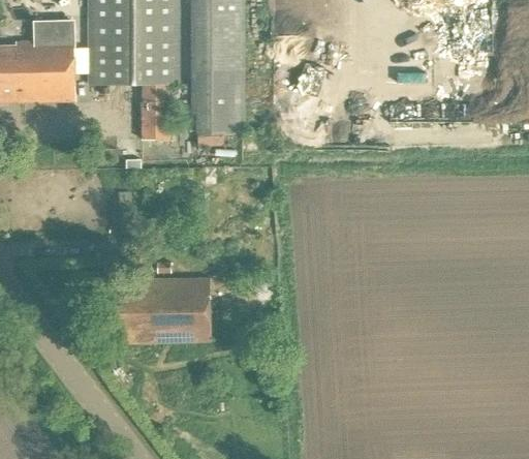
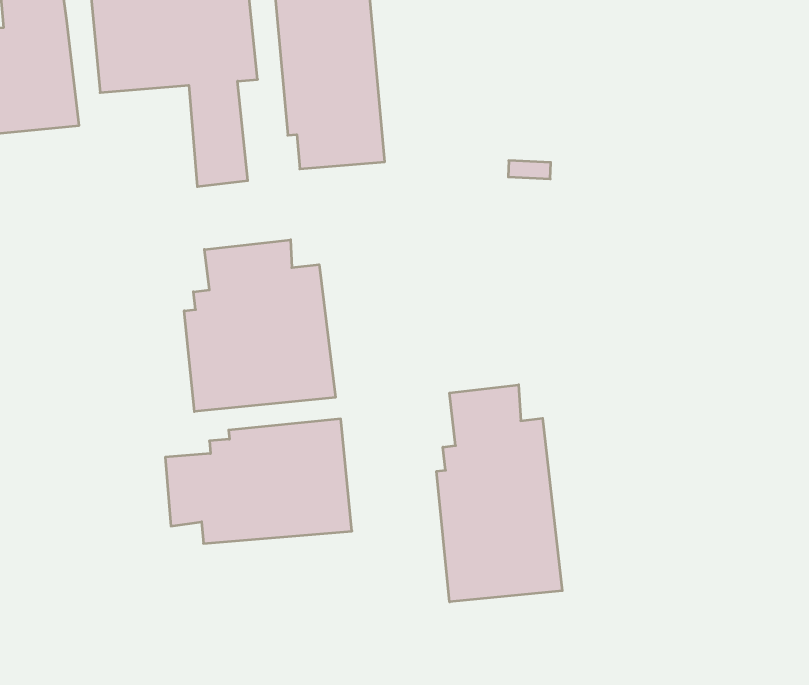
building: none -> [184,240,335,412]
building: none -> [437,385,562,602]

